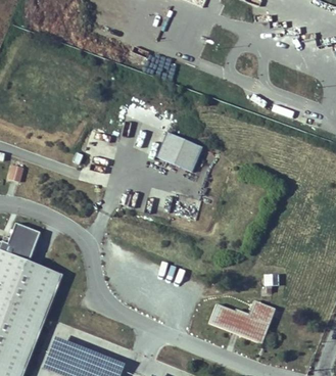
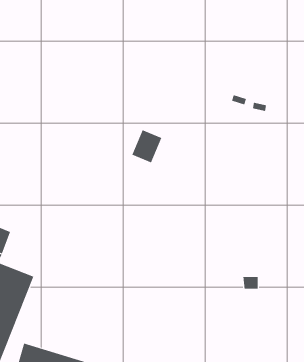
building: [176,141,201,172] -> none
building: [215,296,276,335] -> none

